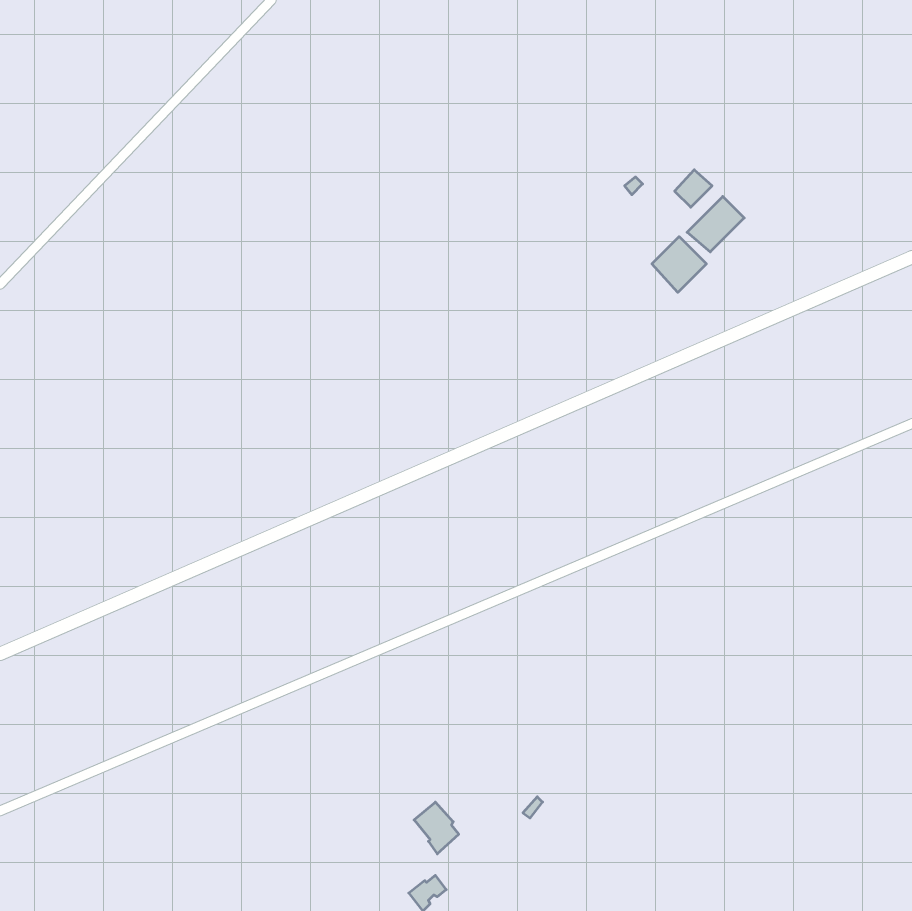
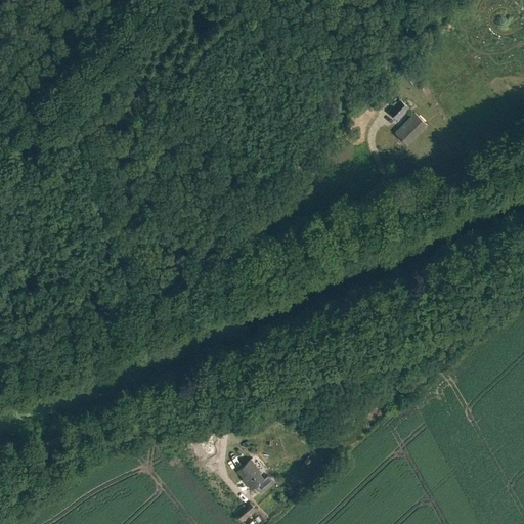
building: [652,237,706,292] -> none

